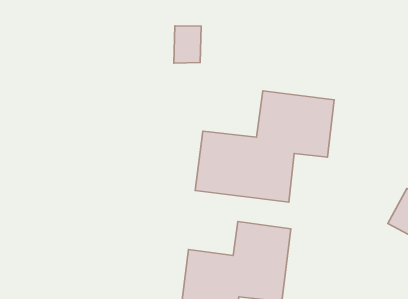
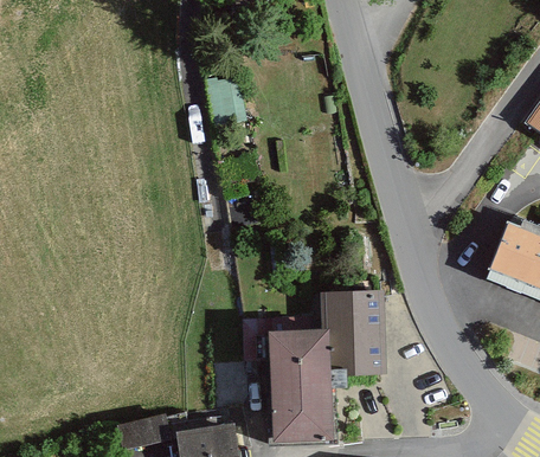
building: [195,91,334,202] -> none

